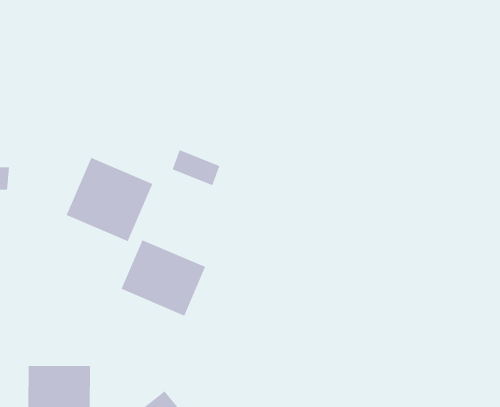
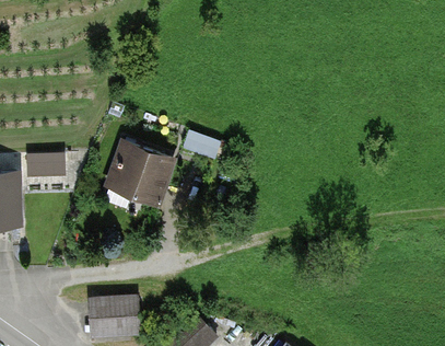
building: [121,239,206,316] -> none

